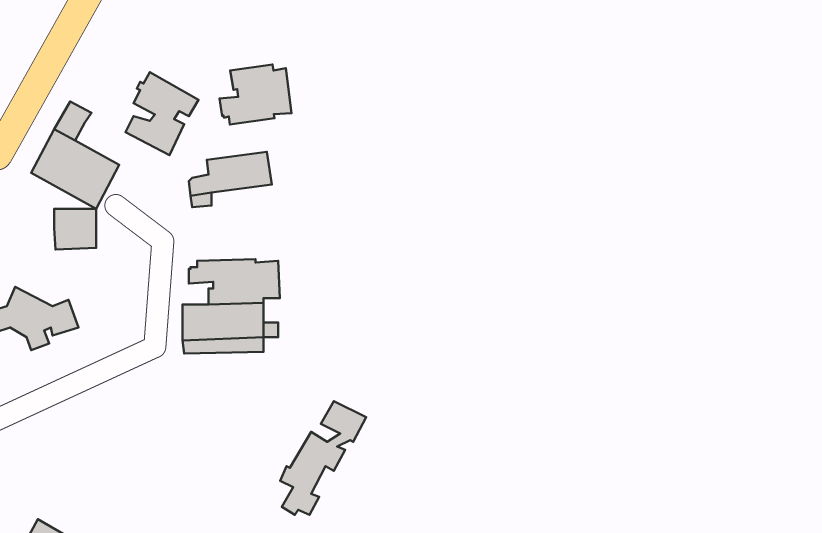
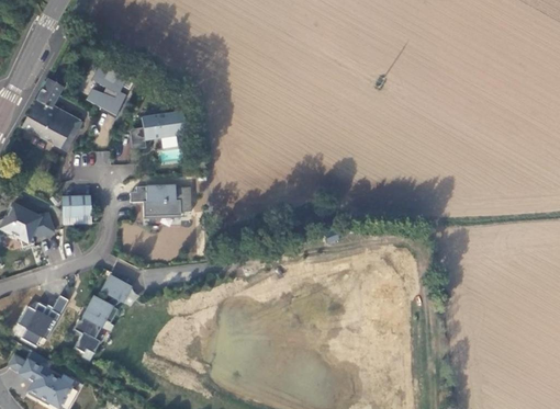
building: [219,65,292,124] -> none
building: [54,209,96,249] -> [63,195,91,223]
building: [280,401,366,515] -> [74,275,132,352]
building: none -> [20,293,68,343]

